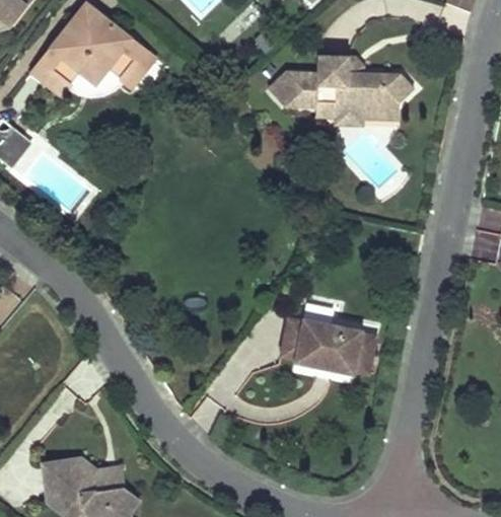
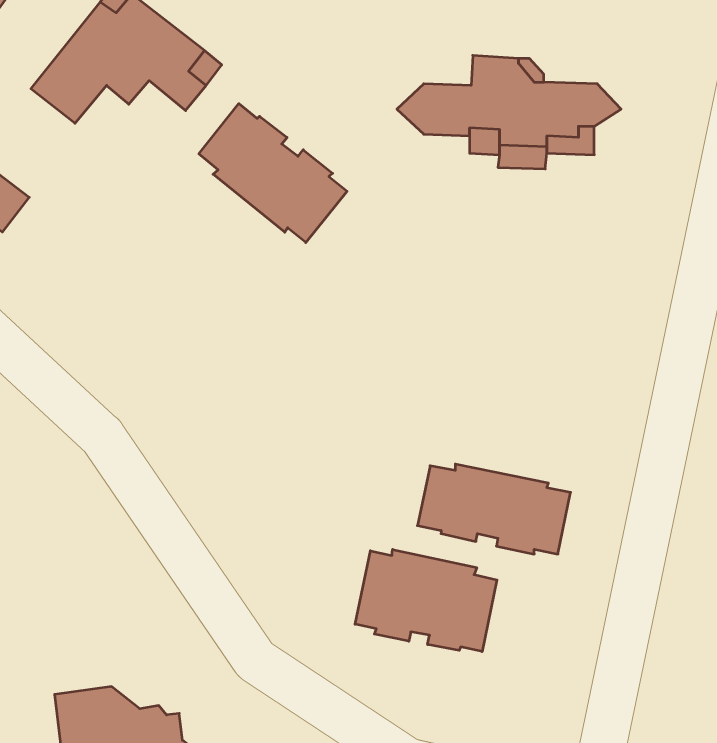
building: none -> [199,104,347,243]
building: none -> [355,549,497,652]

